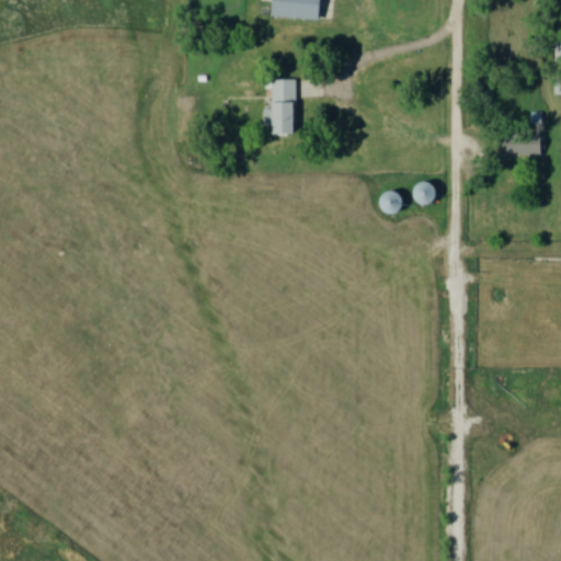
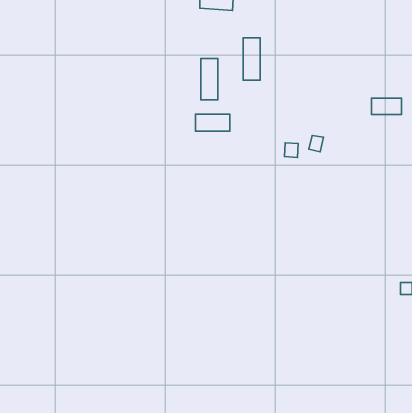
building: none -> [243,38,260,80]
building: none -> [196,114,230,131]

